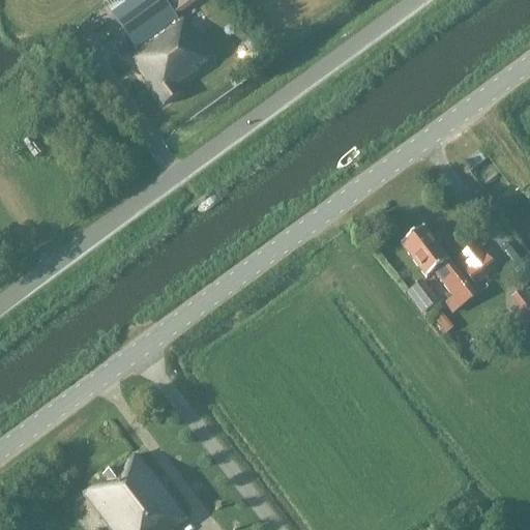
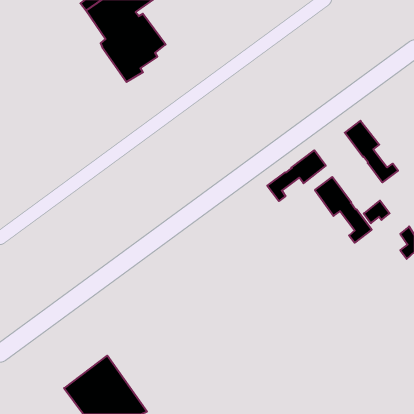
building: none -> [345,121,398,182]
building: none -> [267,150,326,201]

